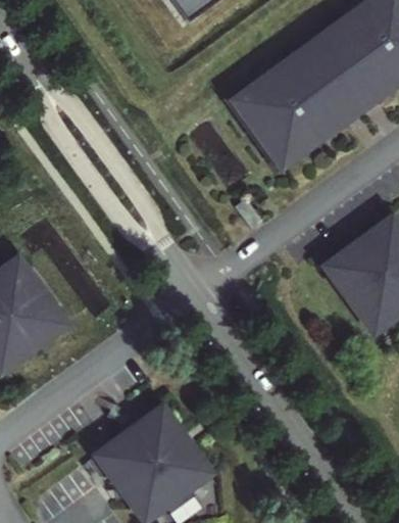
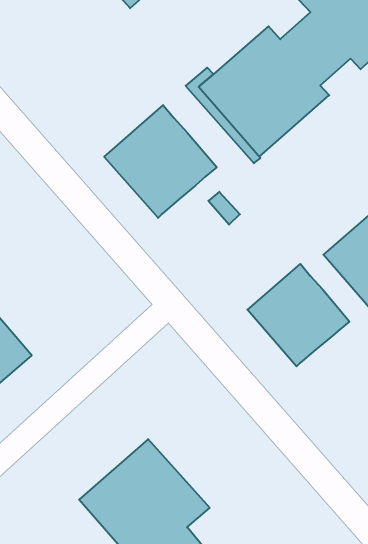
building: none -> [104,105,217,218]
building: none -> [247,264,349,366]

